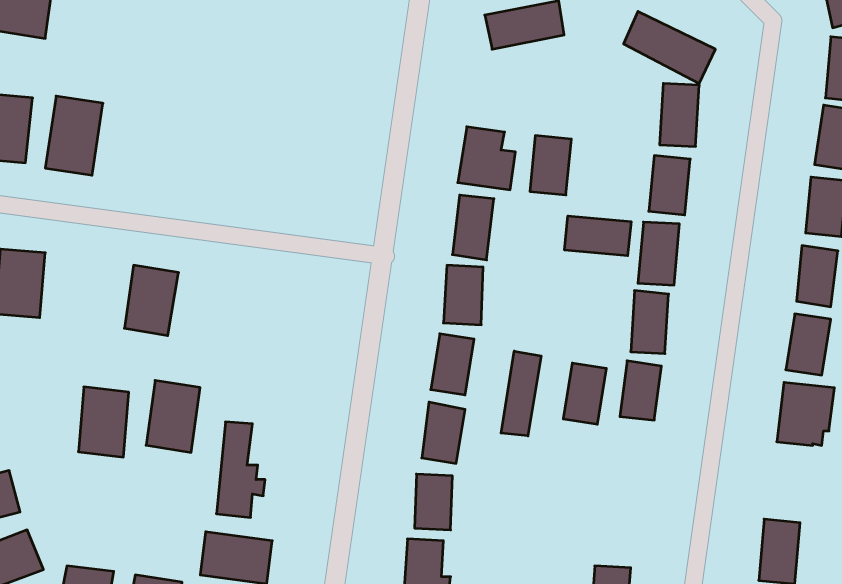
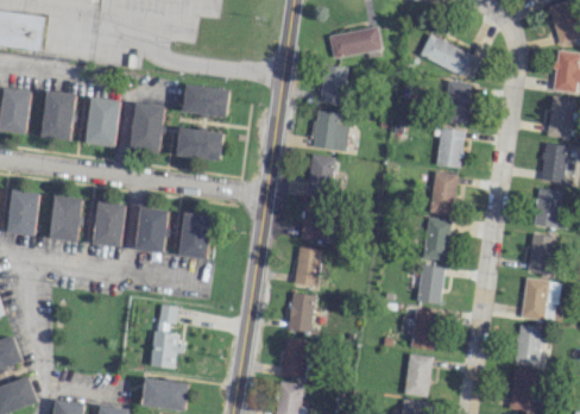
building: none -> [183,84,231,117]
building: none -> [84,96,122,146]
building: none -> [130,102,166,153]
building: [530,136,571,195] -> [321,65,348,105]
building: none -> [177,128,223,161]
building: [565,216,631,256] -> none
building: none -> [178,212,214,259]
building: [501,351,541,436] -> none
building: [563,363,606,424] -> [411,309,440,350]
building: [146,380,200,452] -> [134,206,170,253]
building: [78,387,129,457] -> [49,195,82,242]
building: none -> [515,325,542,364]
building: none -> [404,353,434,397]

